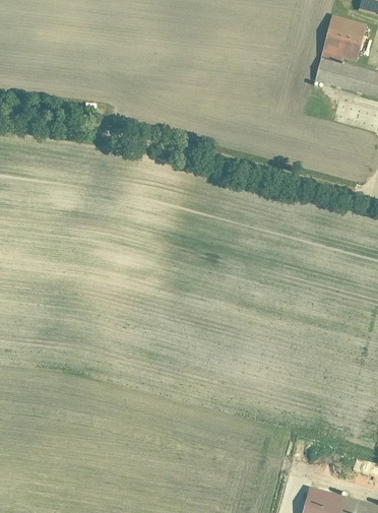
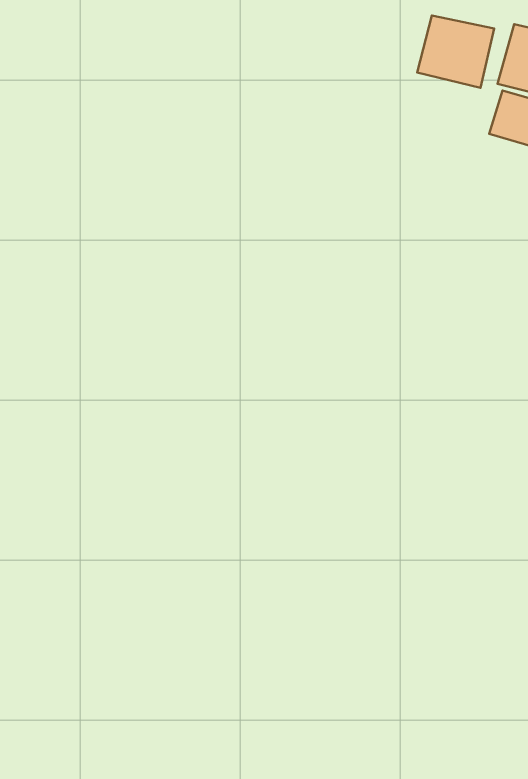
building: none -> [417,15,494,88]

